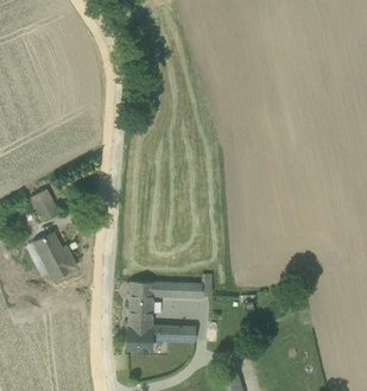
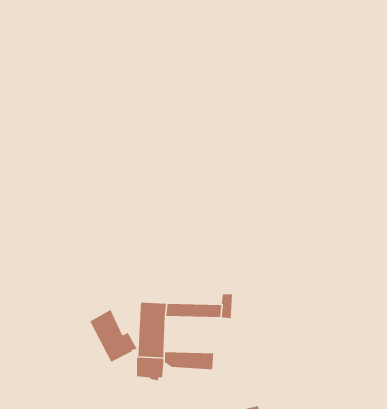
building: [30,189,58,221] -> none
building: [33,232,76,279] -> [89,309,138,363]

